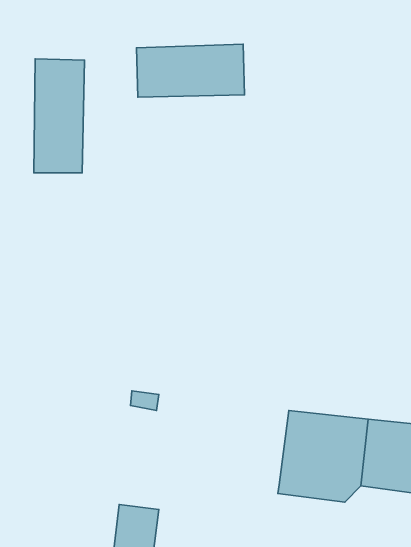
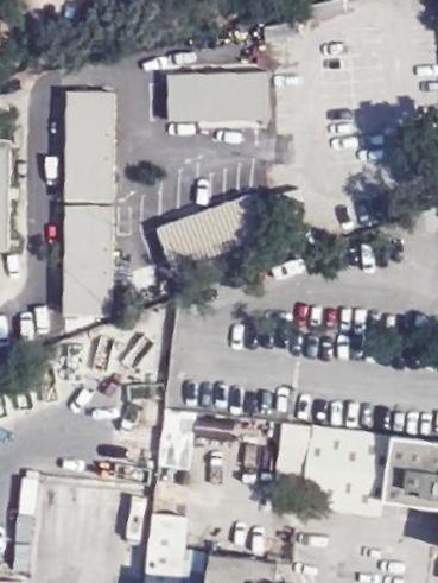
building: none -> [153,195,264,274]
building: none -> [65,202,112,311]
building: none -> [272,420,311,495]

